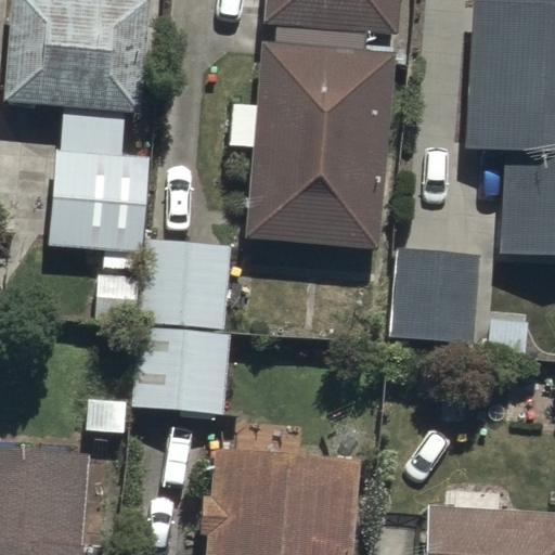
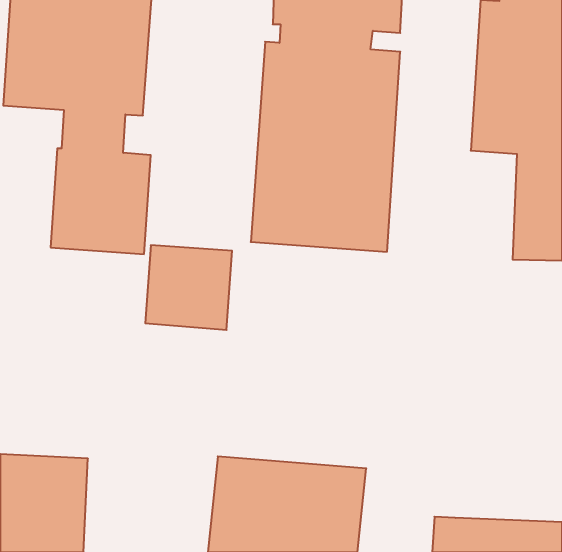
building: [390,249,482,343] -> none
building: [134,331,227,414] -> none

